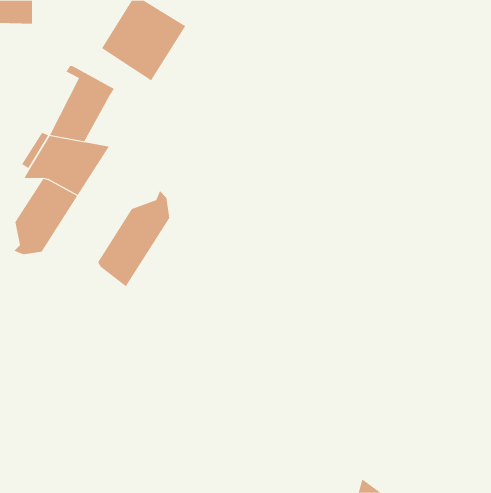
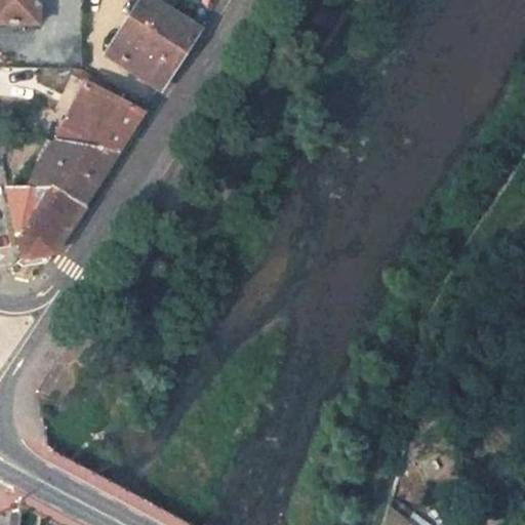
building: none -> [90,103,142,156]
building: none -> [6,190,45,236]
building: [98,190,170,287] -> none

